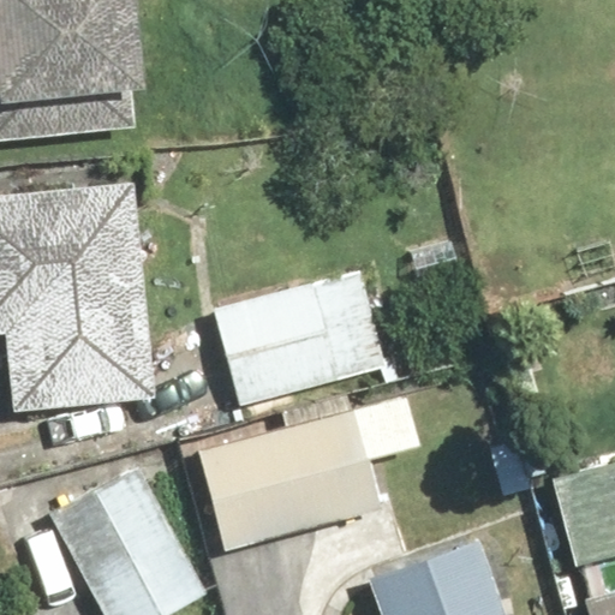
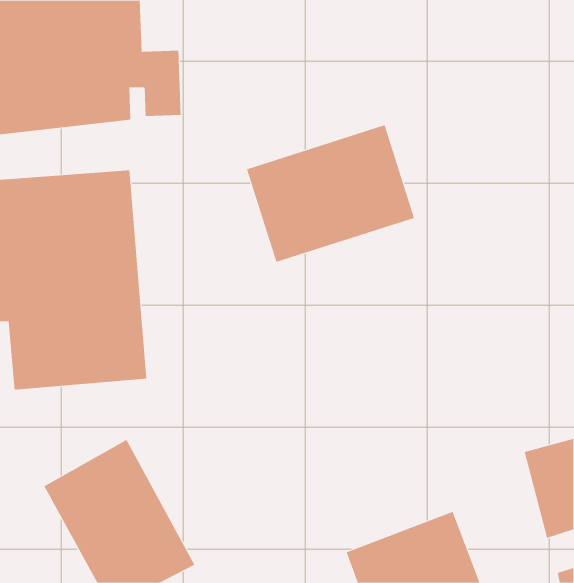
building: [210,264,388,410] -> [246,125,415,263]
building: [195,390,387,559] -> none

